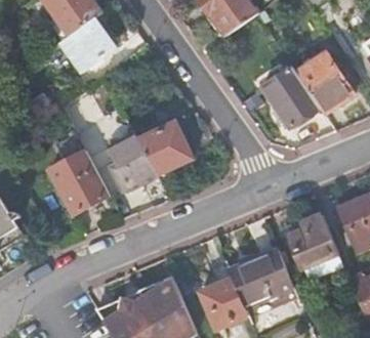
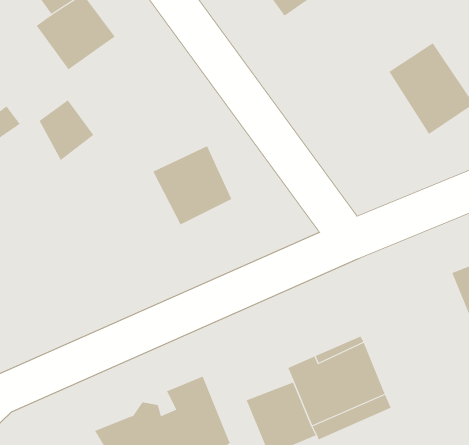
building: [261,67,319,128] -> none
building: [107,133,156,188] -> none
building: [49,150,110,214] -> none
building: [284,214,337,268] -> none

